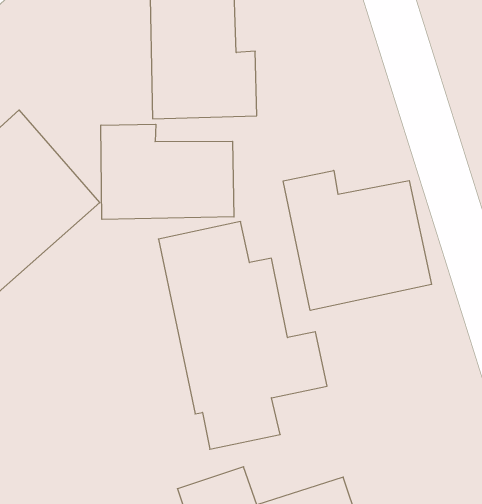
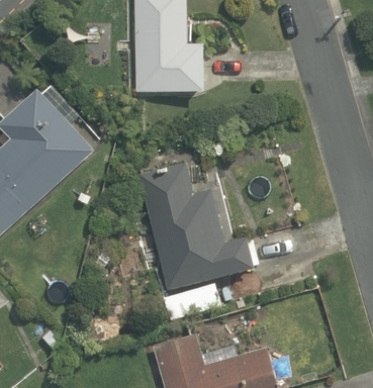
building: [101,124,234,219] -> none
building: [283,170,432,310] -> none

